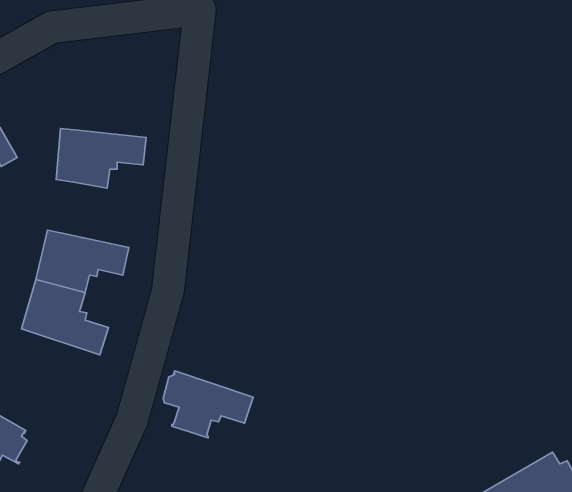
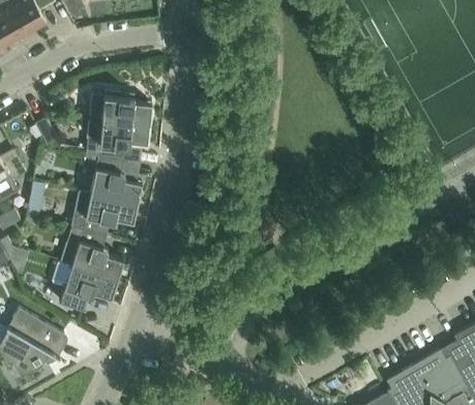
building: none -> [89,91,152,125]
building: none -> [90,157,142,204]
building: [163,371,253,438] -> [53,262,117,310]

